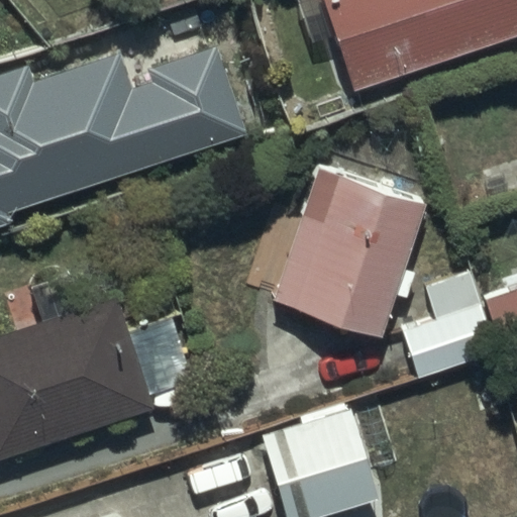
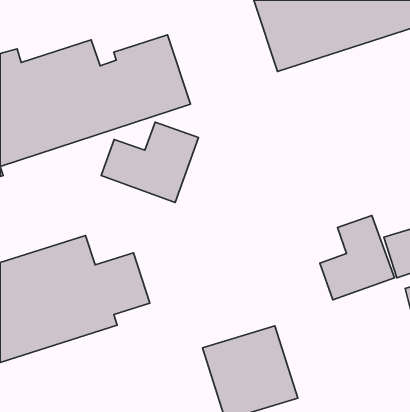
building: none -> [101,122,198,202]
building: [272,167,426,337] -> none

